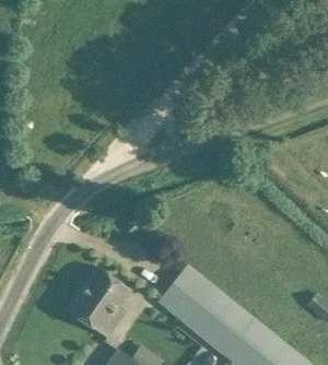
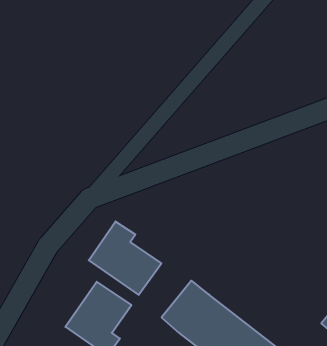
building: none -> [89,221,161,295]

